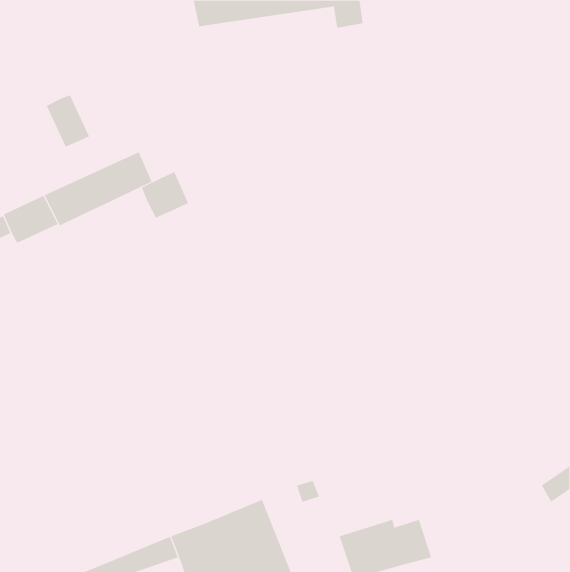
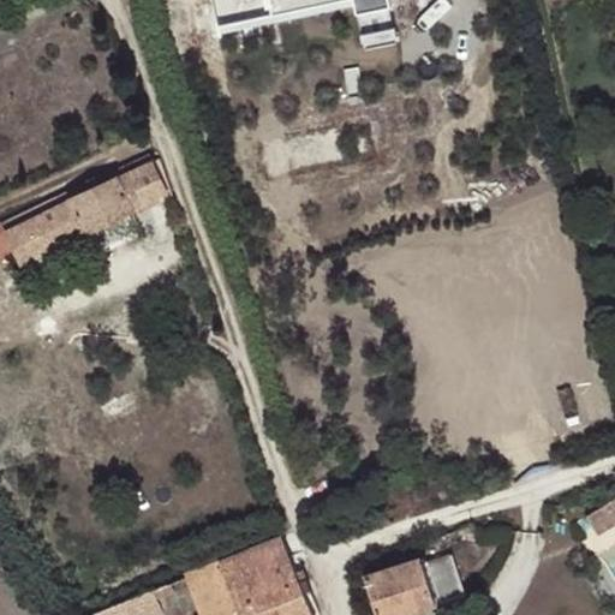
building: [46,95,90,147] -> none
building: [141,171,189,219] -> none

